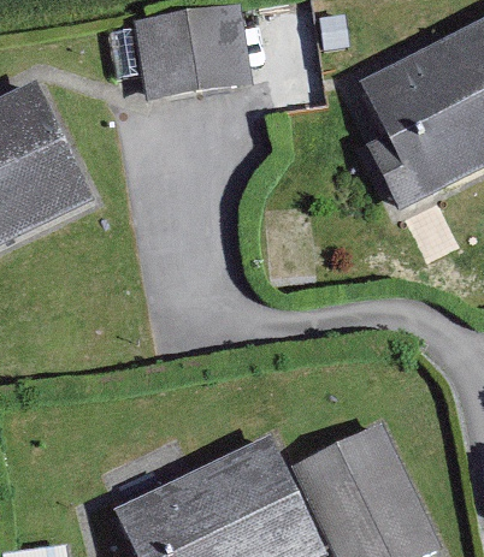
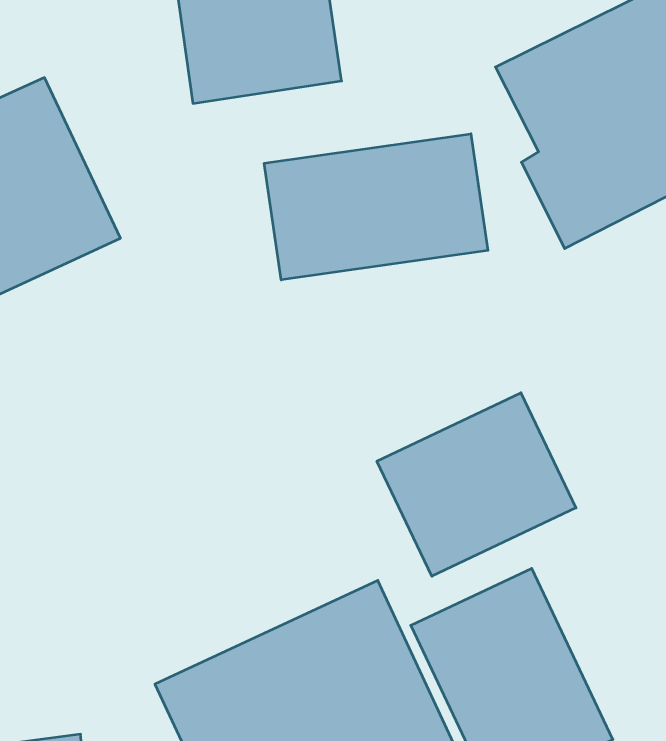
building: none -> [264,134,488,280]
building: none -> [377,393,576,576]

